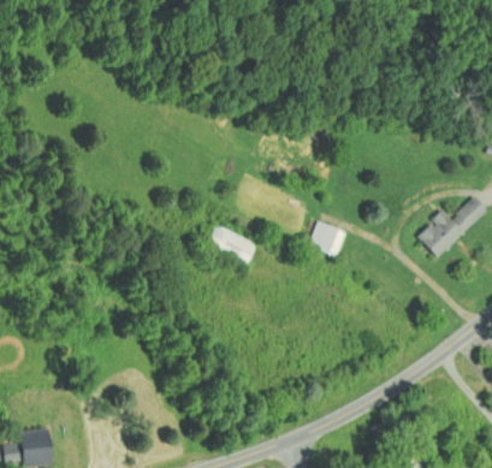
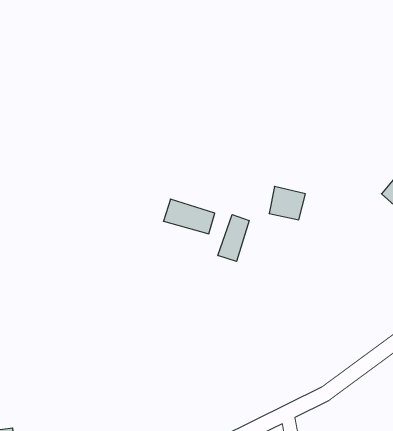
building: none -> [218,215,249,261]

